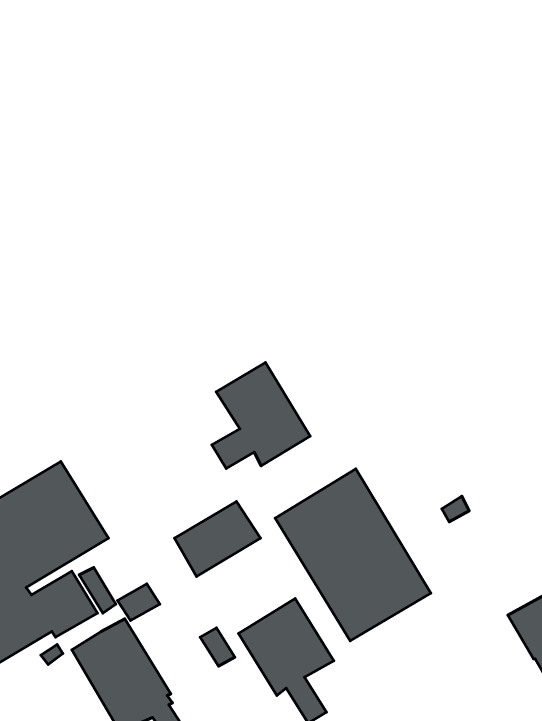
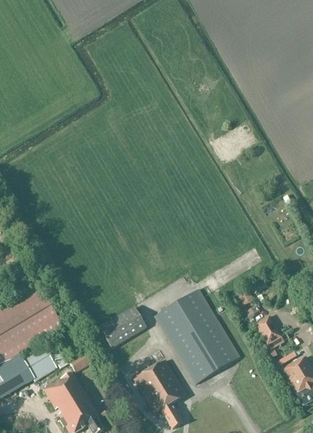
building: [212,362,310,468] -> none
building: none -> [254,316,281,345]

